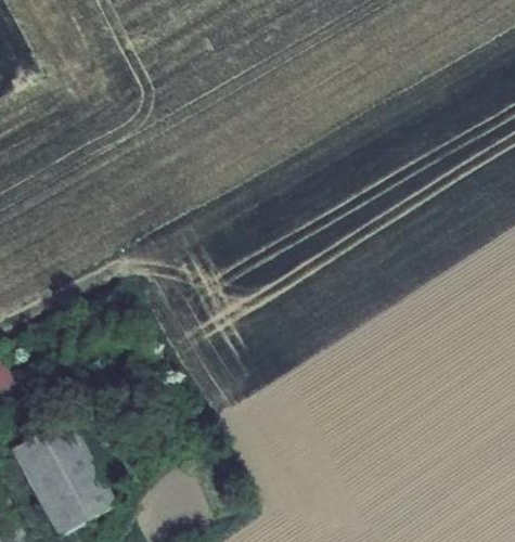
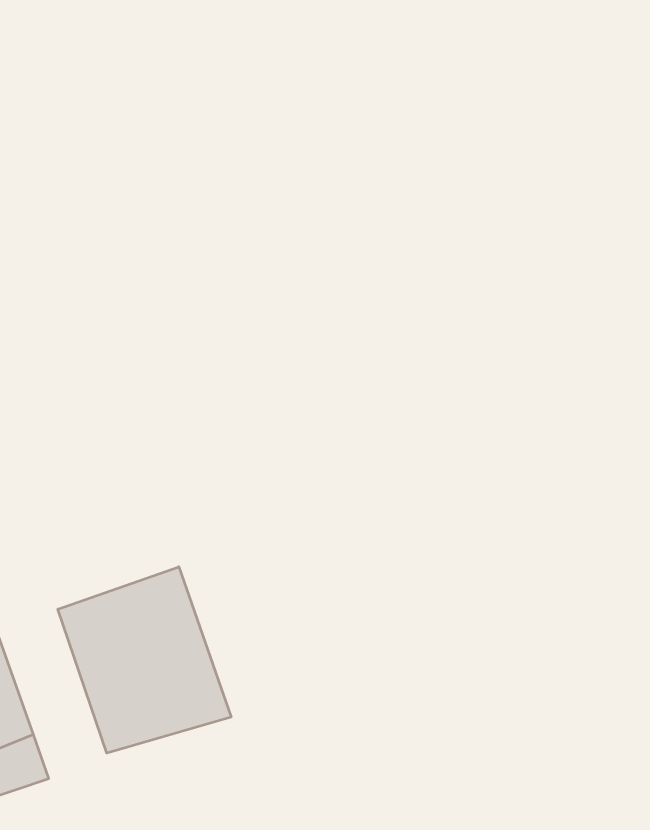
building: none -> [58,567,231,753]

